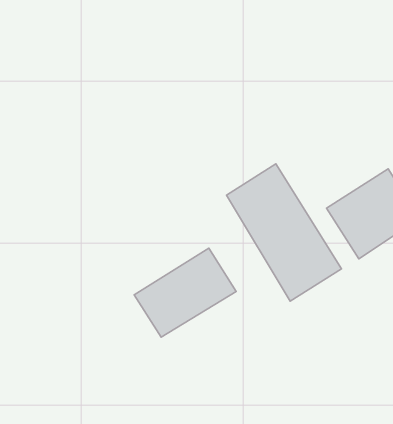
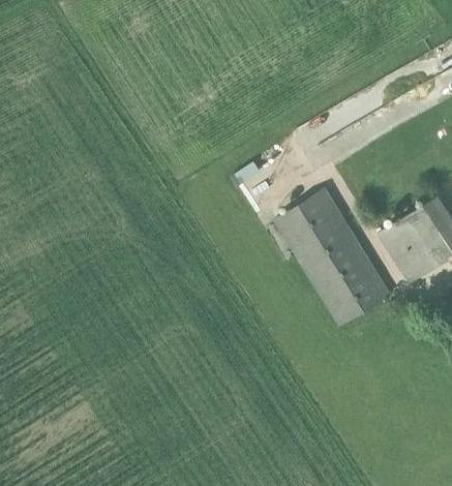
building: [134,248,236,337] -> none

